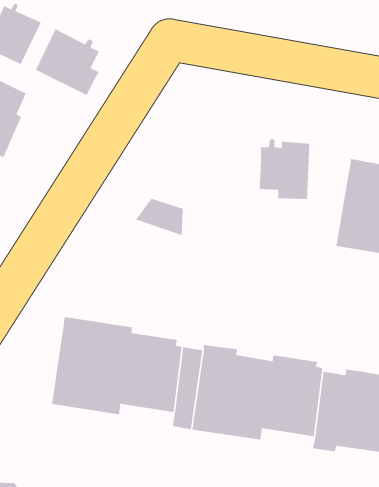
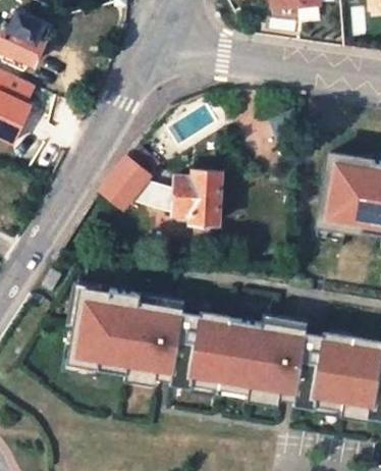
building: [35,28,100,96] -> none
building: [259,138,310,200] -> [176,171,221,225]
building: none -> [102,146,163,211]

